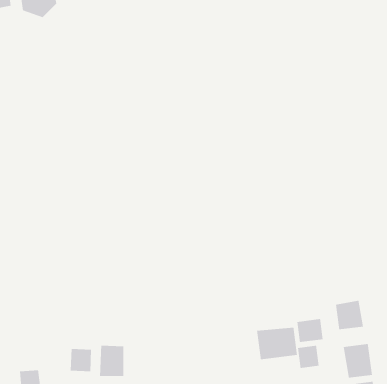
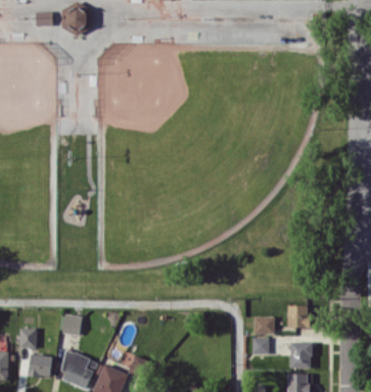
building: [257,327,298,360] -> none
building: [100,345,124,377] -> none

